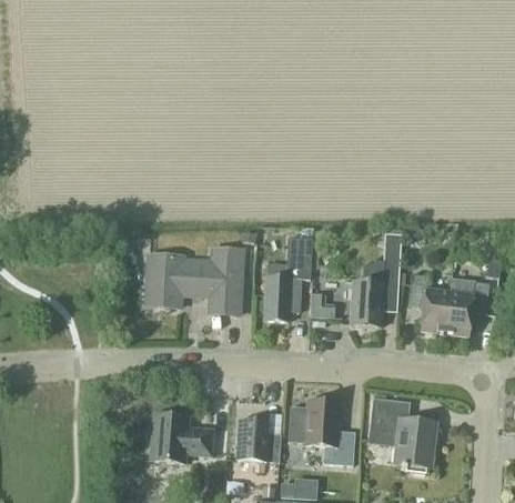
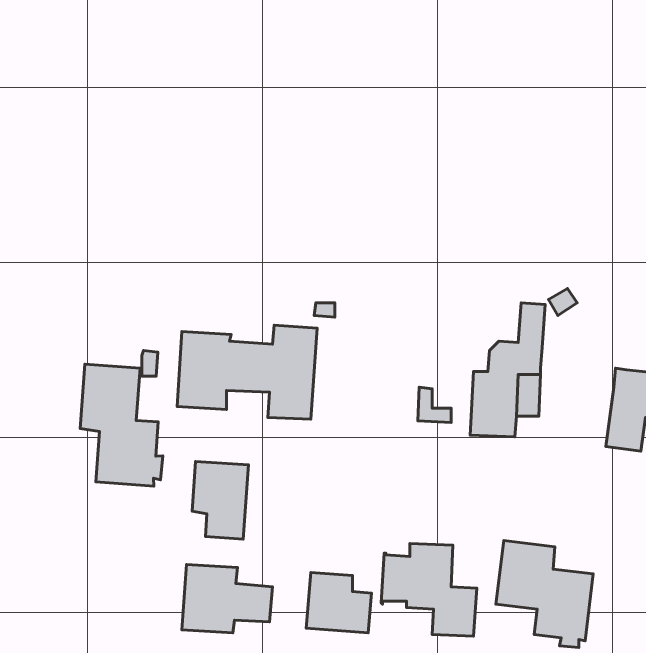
building: [264,237,313,321] -> none
building: [410,273,451,332] -> none
building: none -> [80,364,163,486]
building: none -> [192,462,248,539]

